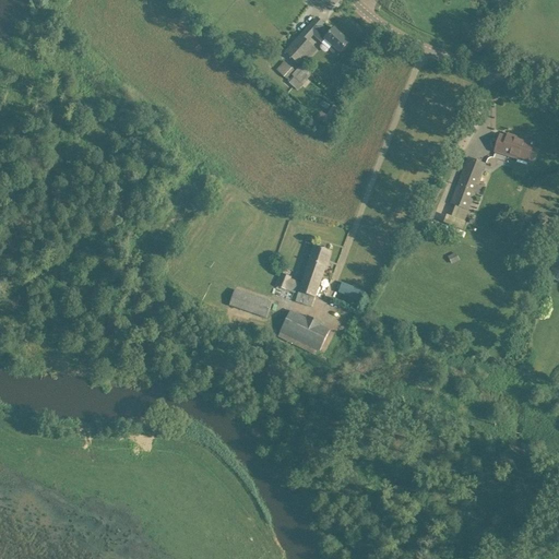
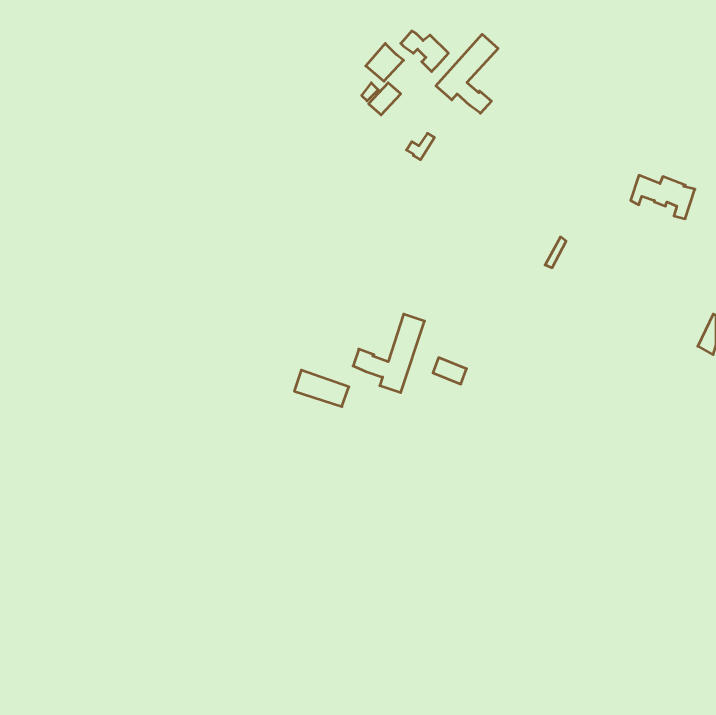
building: none -> [436,34,498,113]
building: [449,157,487,218] -> none
building: [278,310,330,354] -> none

